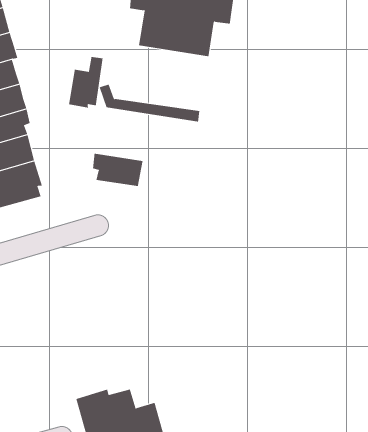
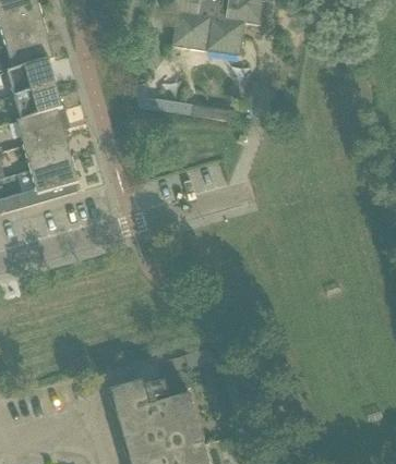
building: [69,56,103,108] -> none
building: [93,153,143,187] -> none

